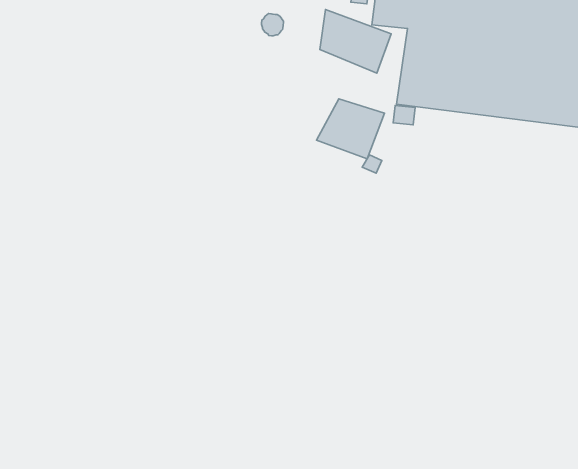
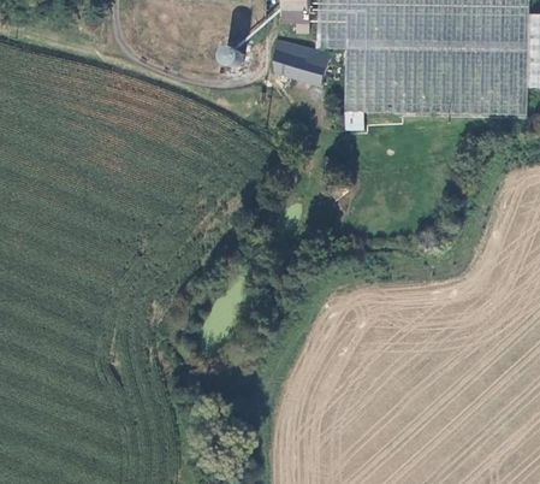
building: [316,99,384,159] -> none

